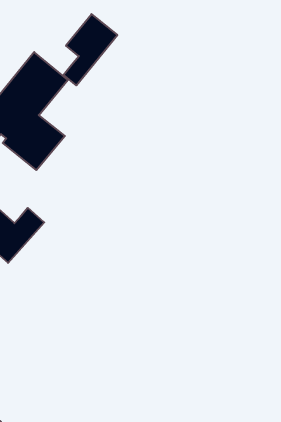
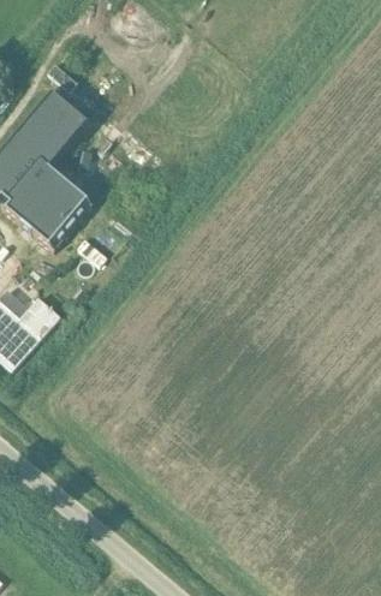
building: [63,14,117,85] -> none

